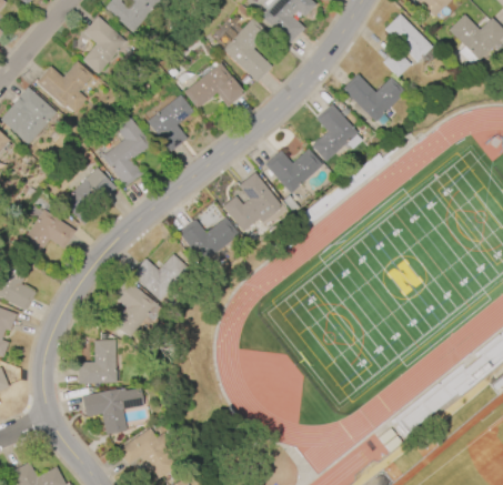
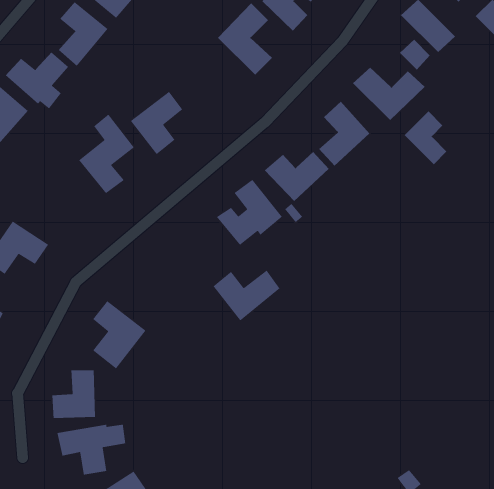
building: [183,63,244,109] -> none
building: none -> [404,110,447,165]
building: [62,168,115,222] -> none
building: [178,218,238,263] -> [212,270,281,321]
building: [131,254,189,301] -> none

